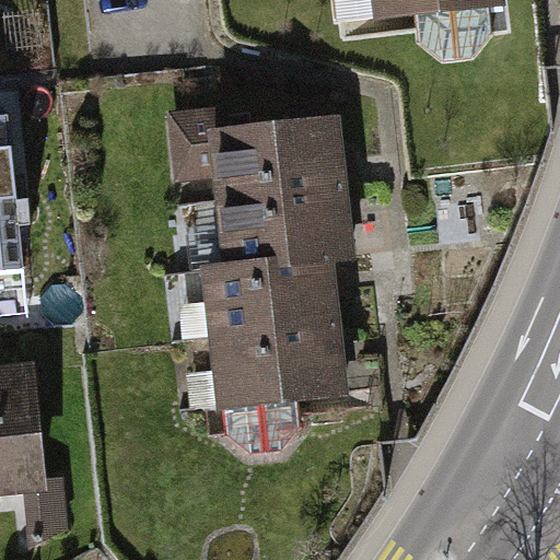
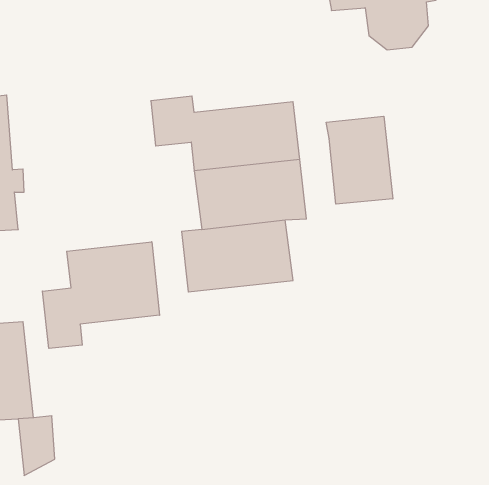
building: none -> [326,116,393,204]
building: none -> [42,242,160,348]
building: [214,319,340,447] -> none

